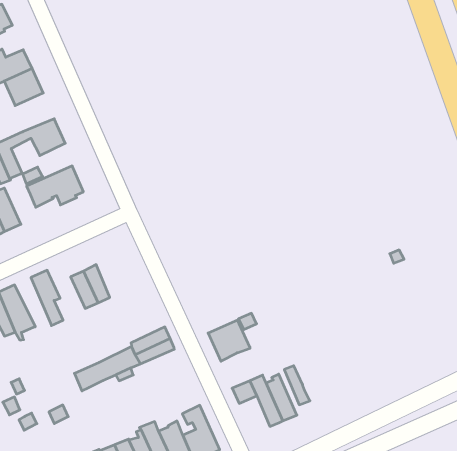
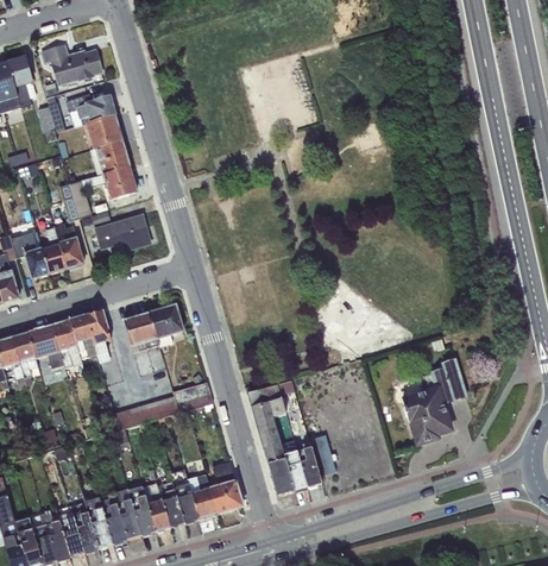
building: none -> [90,140,130,175]
building: none -> [150,304,183,347]
building: none -> [404,359,465,442]
building: none -> [69,315,96,359]
building: none -> [256,415,281,448]
building: none -> [267,459,294,493]

